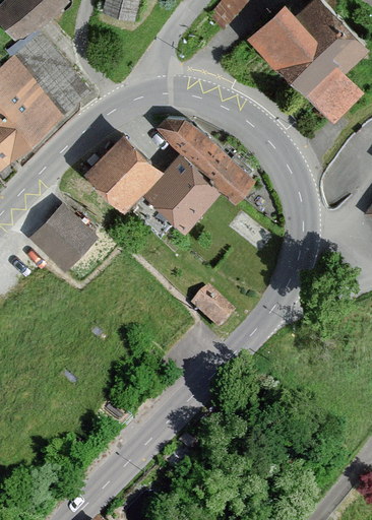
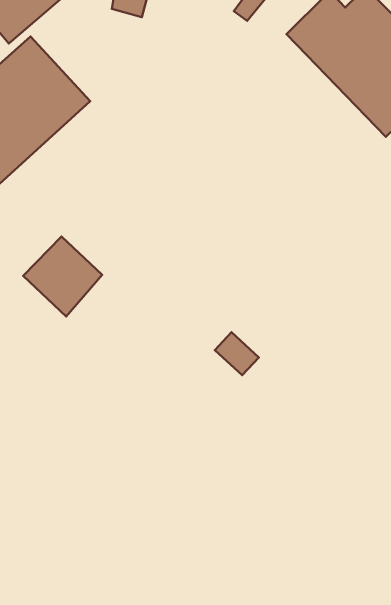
building: [148,120,249,225] -> none
building: [87,141,154,208] -> none

